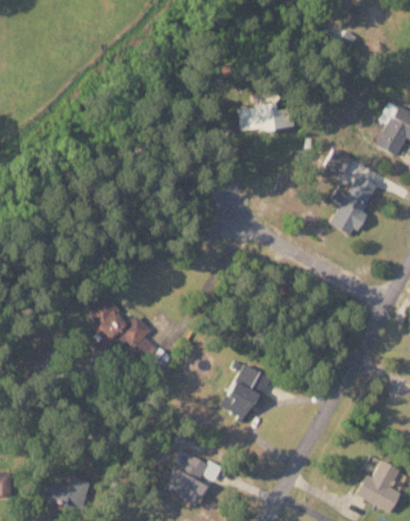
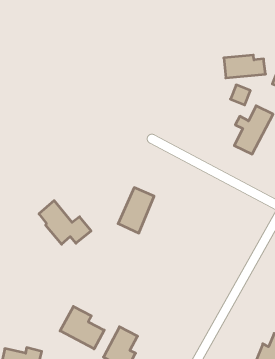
building: [239,103,291,132] -> [224,55,266,78]
building: [223,364,269,421] -> [118,188,154,233]
building: none -> [60,306,104,349]

